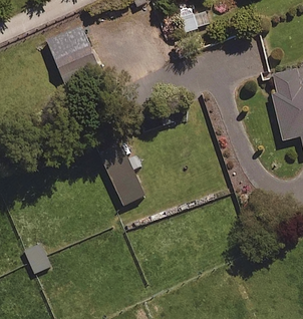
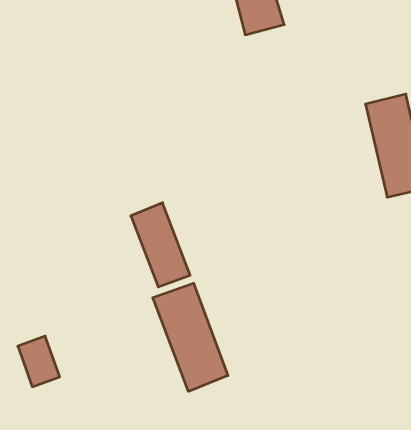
building: [48,25,103,93] -> none
building: none -> [153,283,228,391]

